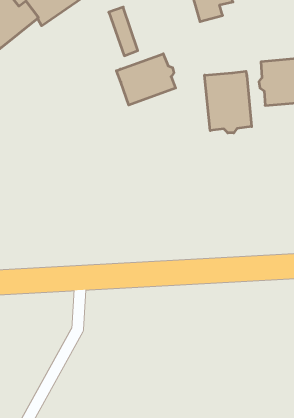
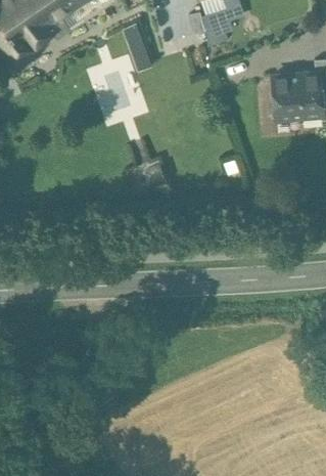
building: [116,54,176,105] -> none
building: [205,71,252,133] -> none

